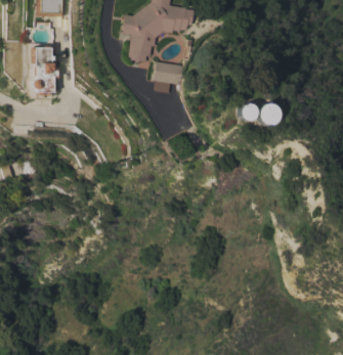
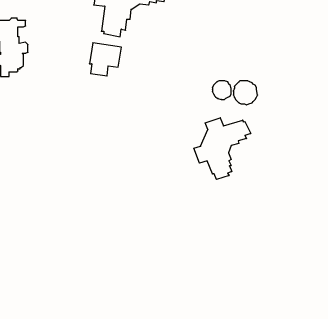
building: [152,61,181,92] -> [89,43,121,76]
building: none -> [194,118,251,179]

